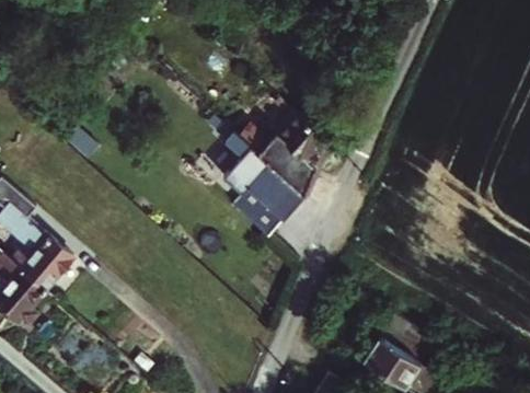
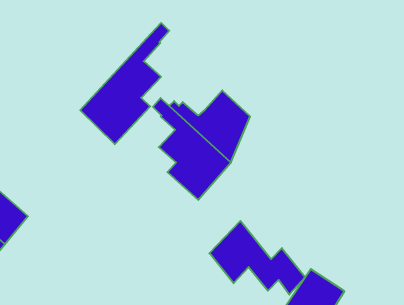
building: none -> [80,23,169,144]
building: none -> [209,221,305,295]

